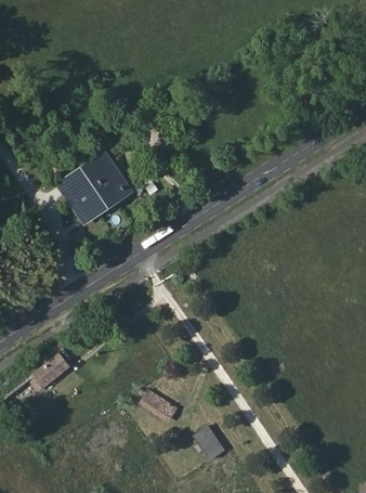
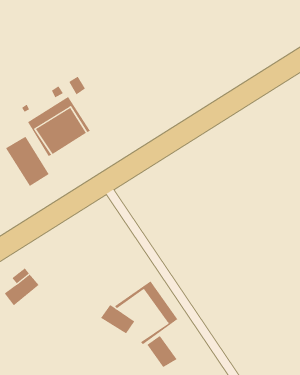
building: none -> [5,136,50,187]
building: none -> [114,281,178,345]

